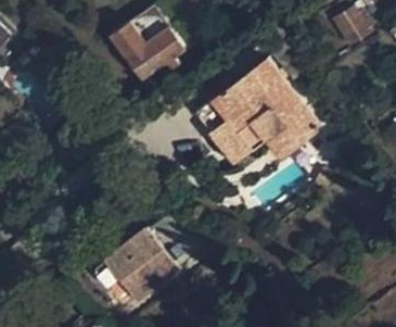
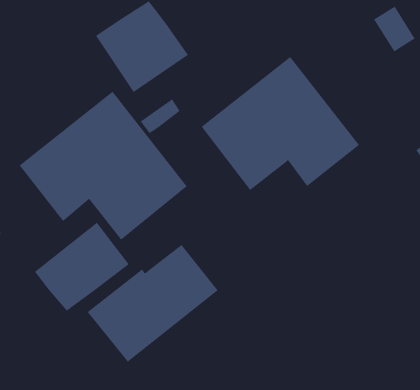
building: none -> [19,91,188,240]
building: none -> [34,222,130,312]

